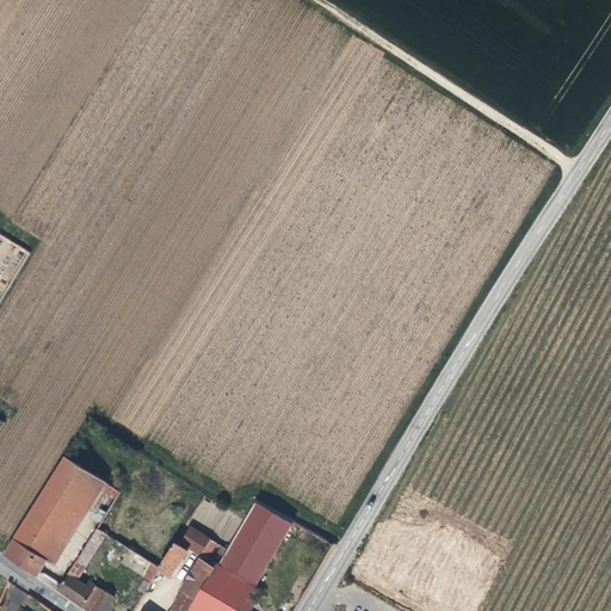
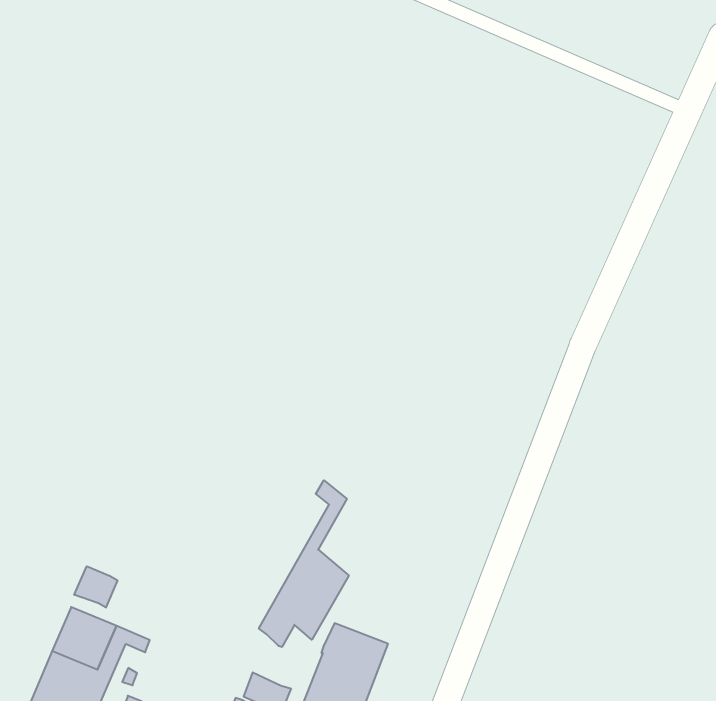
building: none -> [259,480,349,647]
building: none -> [74,566,117,608]

